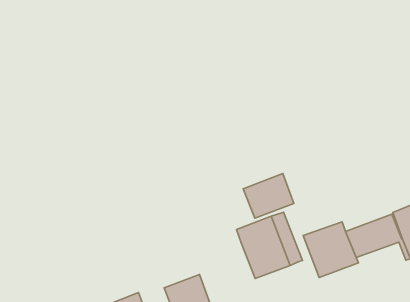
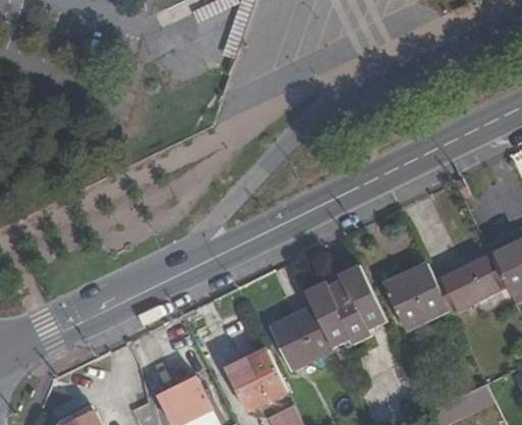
building: [243,174,294,218] -> none
building: none -> [269,307,332,370]

